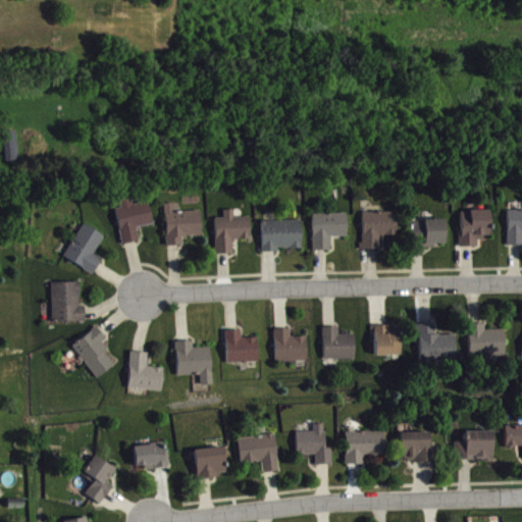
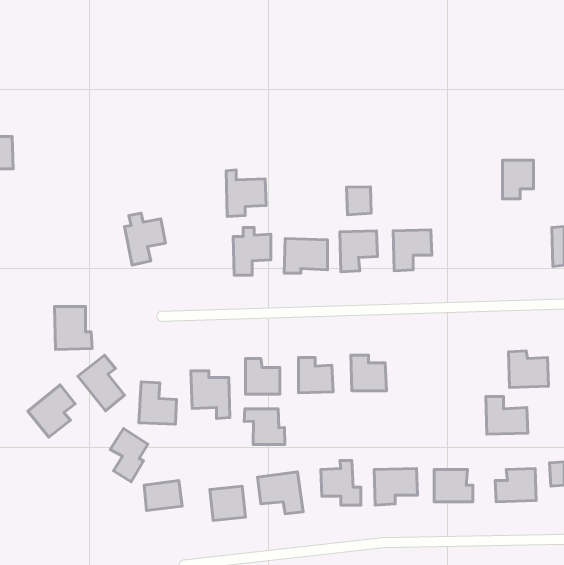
building: none -> [347,187,371,215]
building: [164,202,201,245] -> [226,170,266,216]
building: [460,210,488,246] -> [503,160,534,199]
building: [406,218,445,248] -> none
building: [63,223,103,273] -> none
building: [418,323,457,358] -> [486,396,528,434]
building: [373,324,400,355] -> none
building: none -> [28,385,75,437]
building: none -> [244,409,285,445]
building: [81,455,115,504] -> [110,429,148,482]

